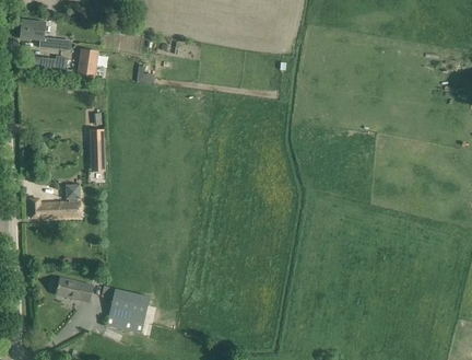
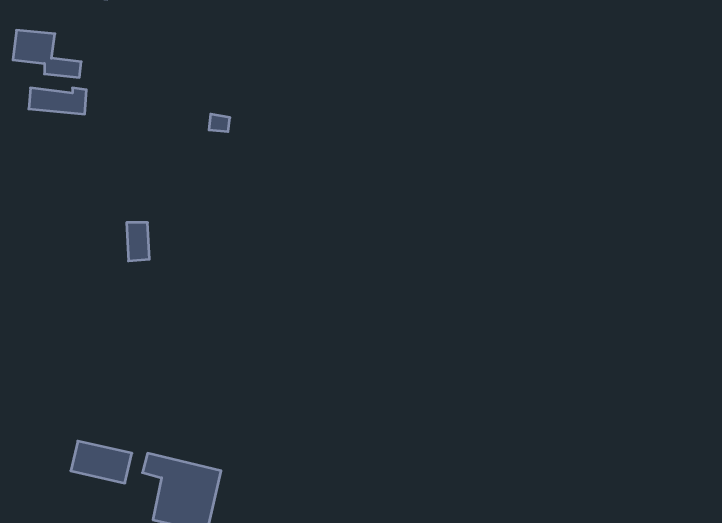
building: [76,48,97,77] -> none
building: [31,184,81,218] -> none

